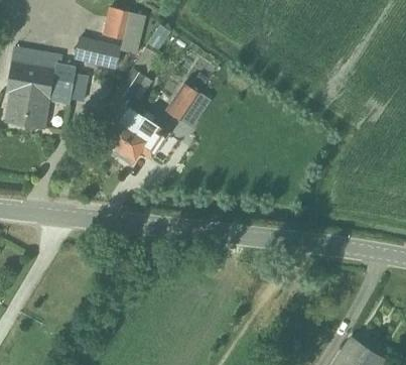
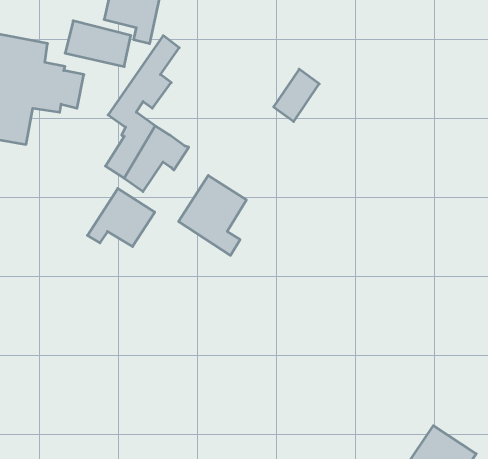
building: [167,82,201,121] -> [274,69,319,122]
building: none -> [179,175,246,255]
building: none -> [87,188,155,247]

